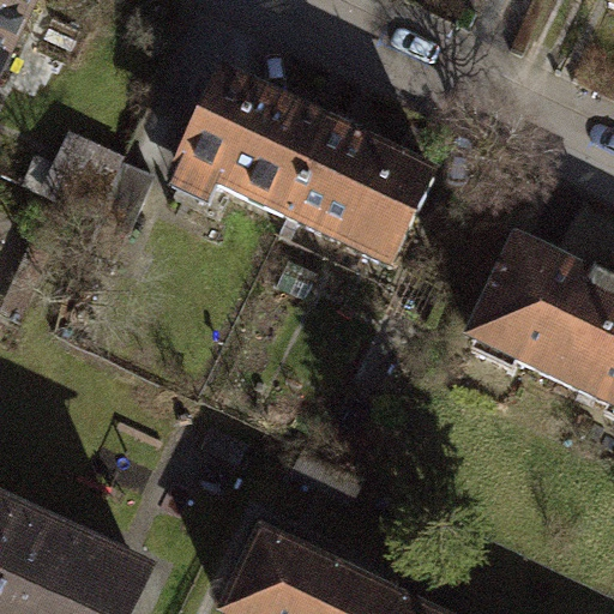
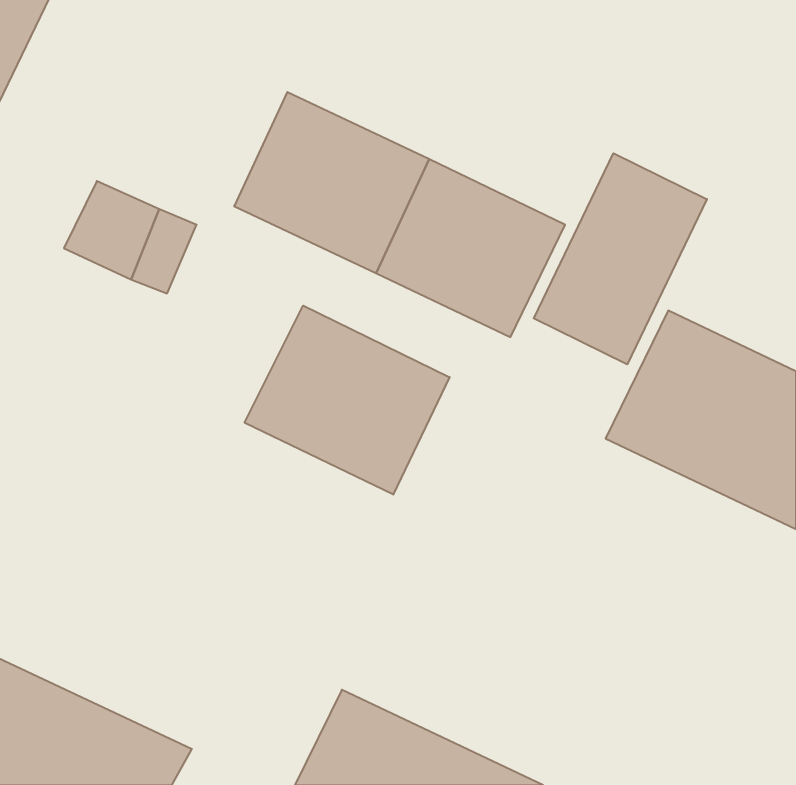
building: none -> [534,153,707,364]
building: none -> [245,306,450,495]

